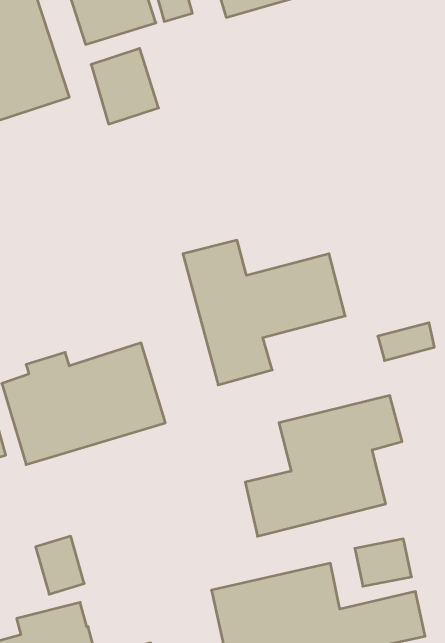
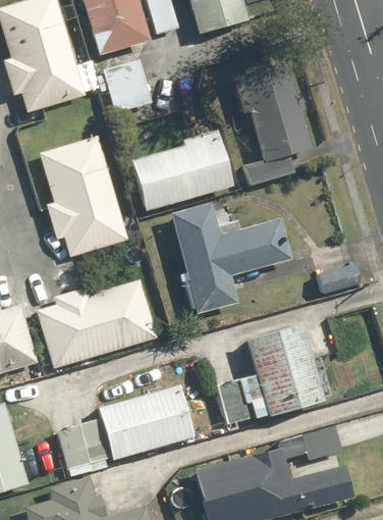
building: none -> [237,63,314,188]
building: none -> [130,133,233,208]
building: none -> [39,134,128,255]
building: none -> [99,384,194,460]

